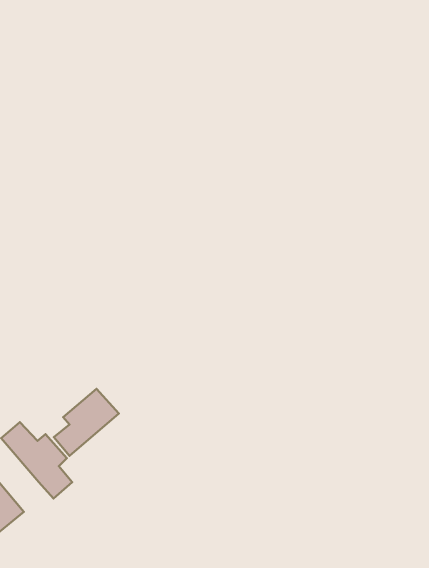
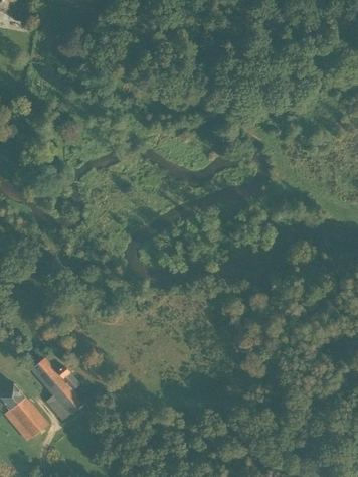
building: [54,389,119,456] -> none

